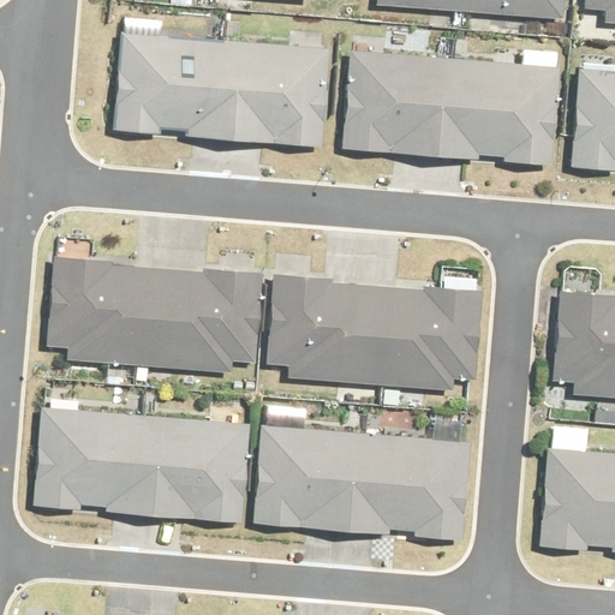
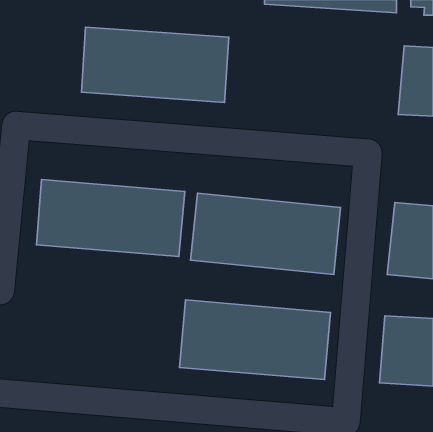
building: [344,32,557,166] -> none
building: [36,406,253,523] -> none

